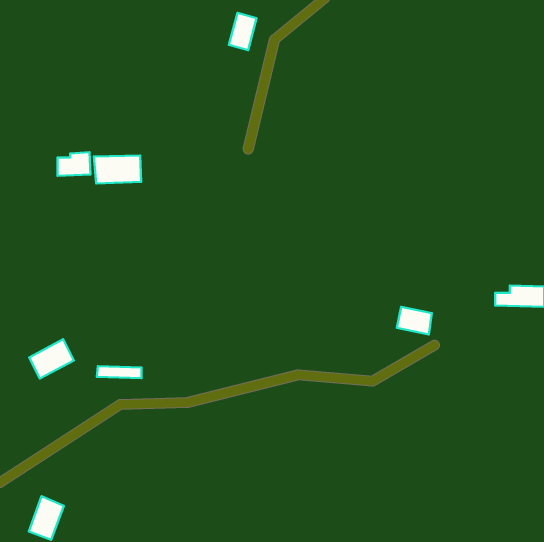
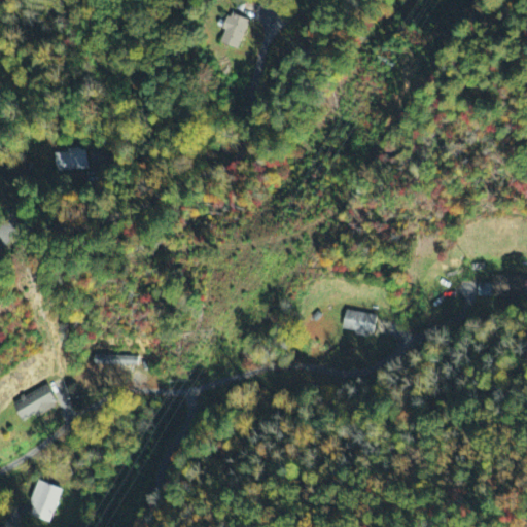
building: [94,155,141,183] -> none
building: [397,307,432,334] -> [343,309,377,336]
building: [29,339,74,379] -> [13,384,57,422]

